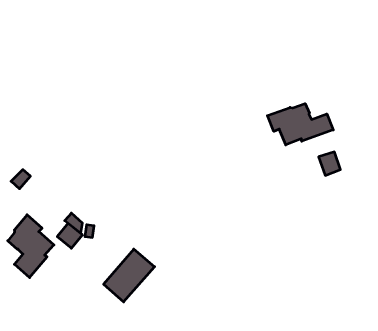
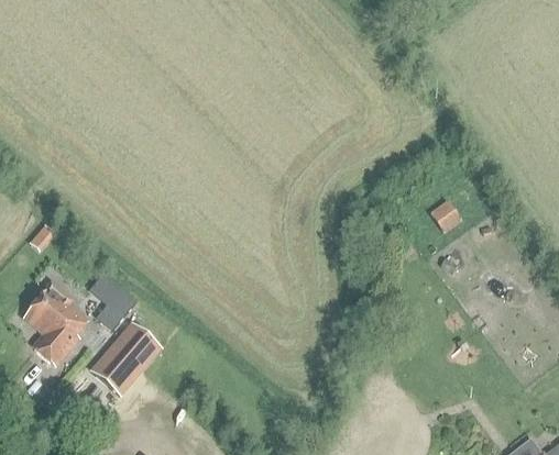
building: [267,104,333,145] -> none
building: [104,249,155,302] -> [94,324,161,393]

